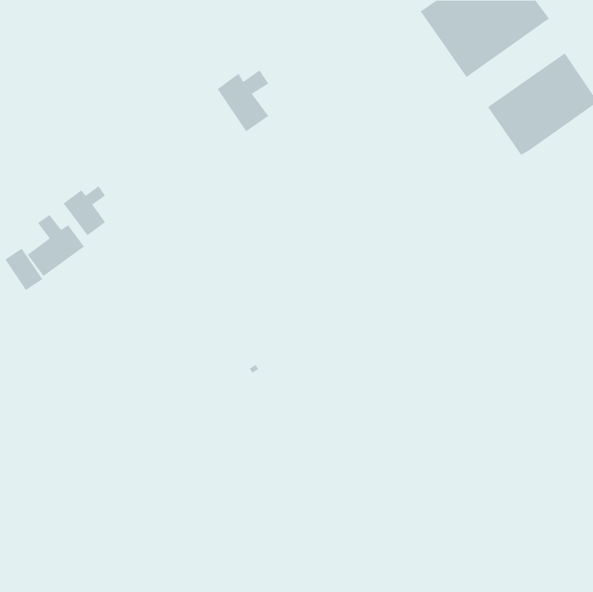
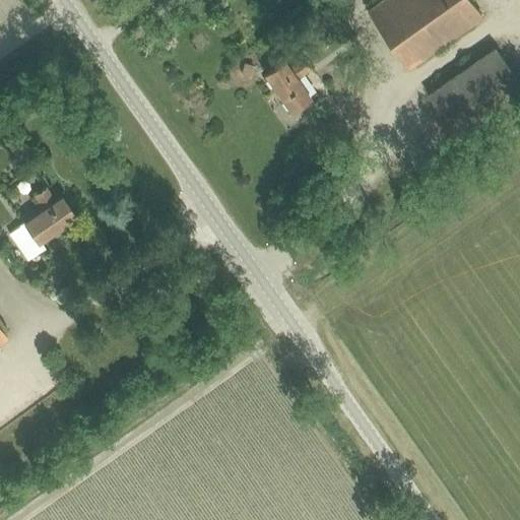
building: [217,69,269,132] -> [265,59,311,114]
building: [63,186,106,236] -> none

